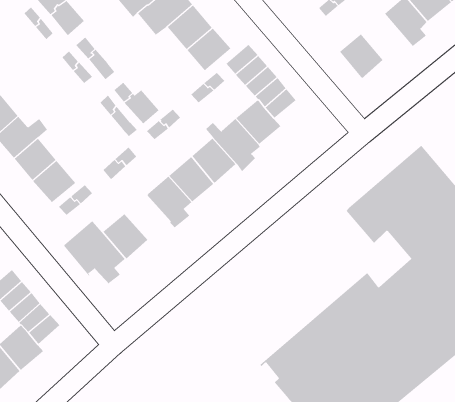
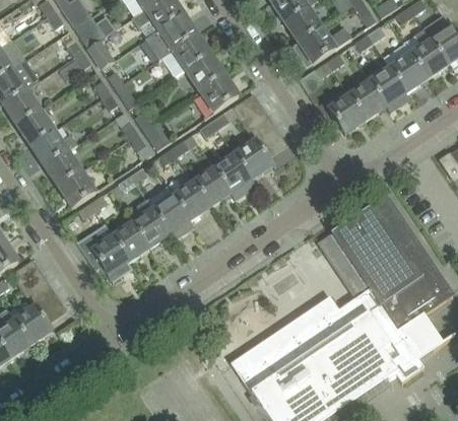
building: none -> [348,80,390,119]
building: none -> [132,198,170,247]

